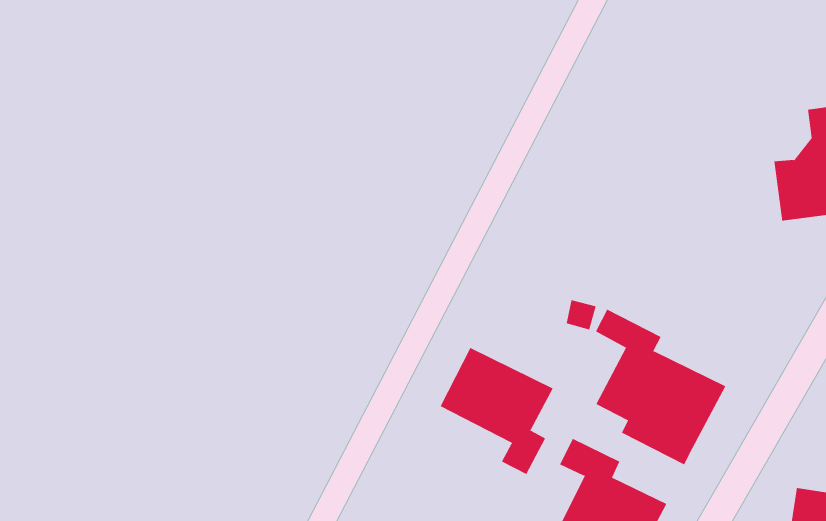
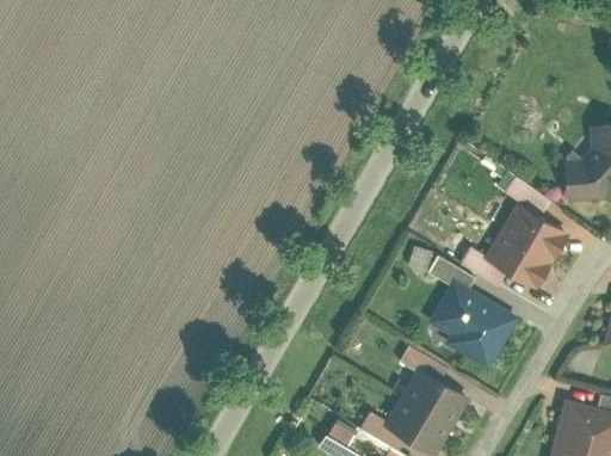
building: none -> [486,203,570,289]
building: [440,347,553,475] -> none

